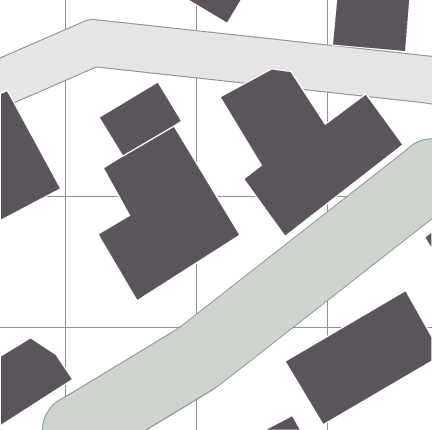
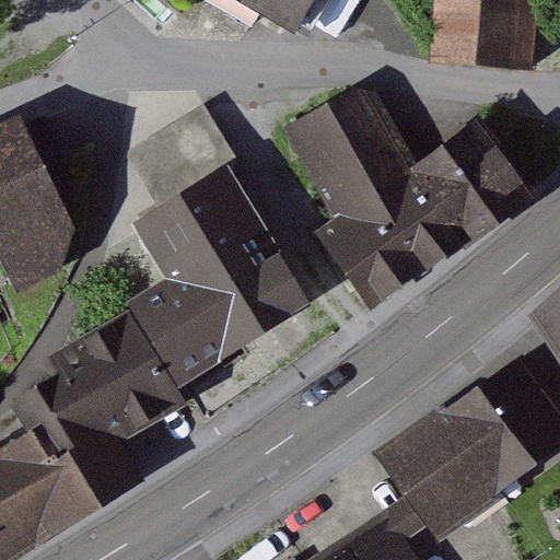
building: none -> [18,310,184,459]

